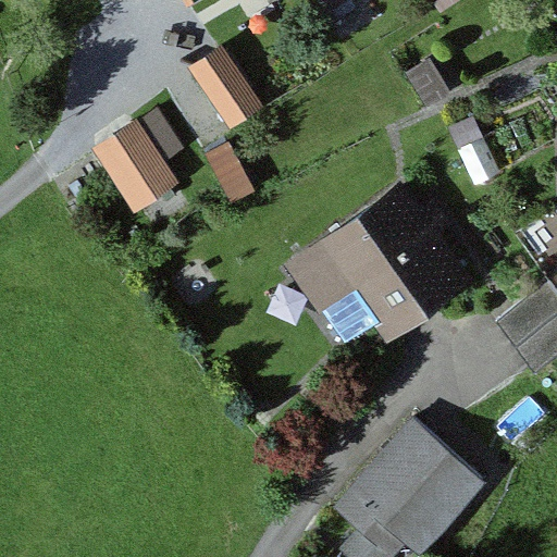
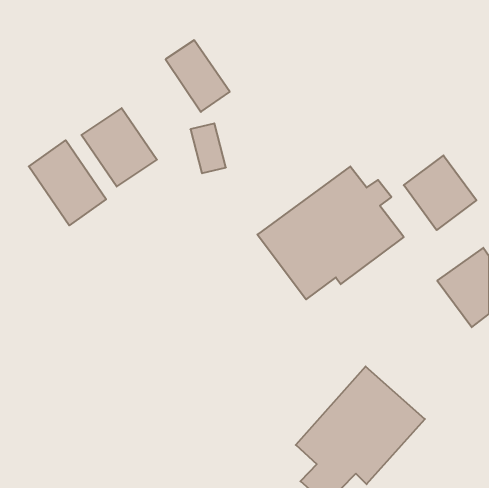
building: none -> [29,140,106,225]
building: none -> [404,155,476,230]

